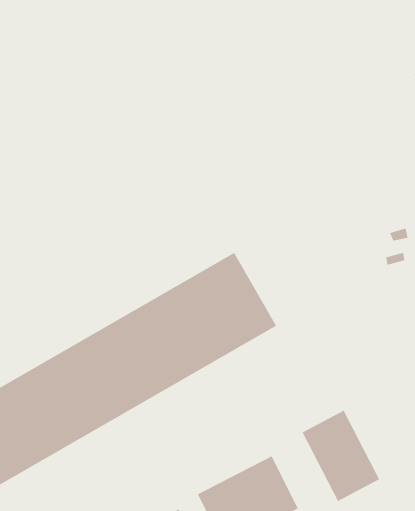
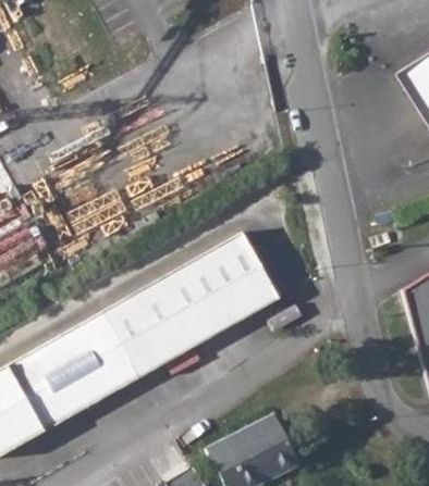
building: [302,410,380,502] -> none

